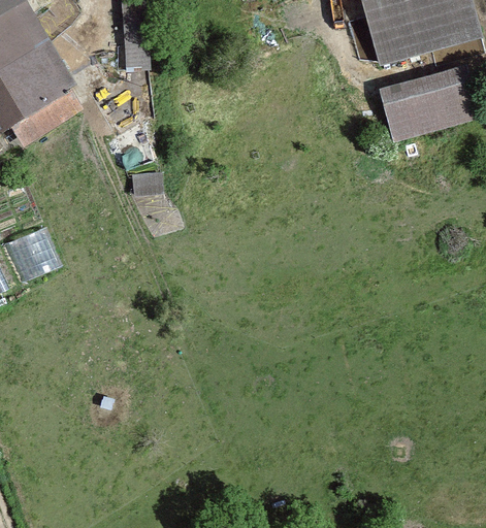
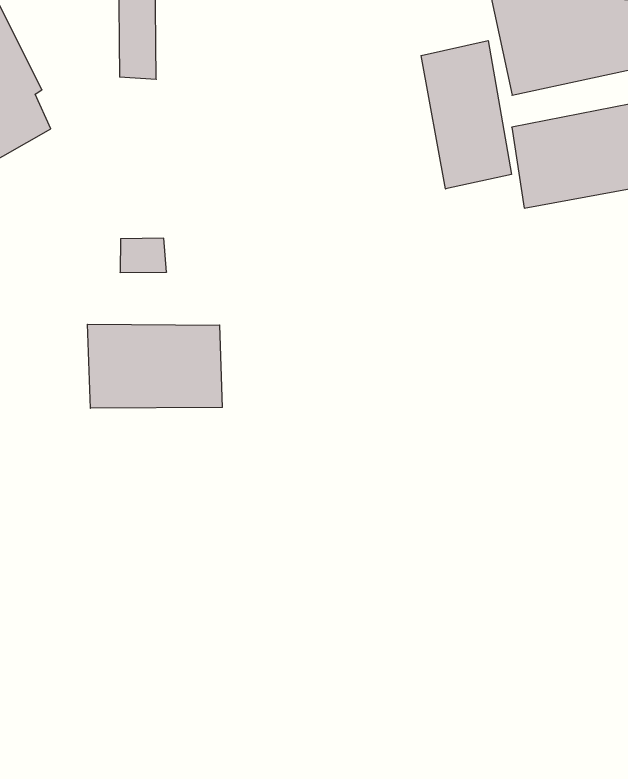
building: none -> [421,41,511,189]
building: none -> [87,324,222,408]

